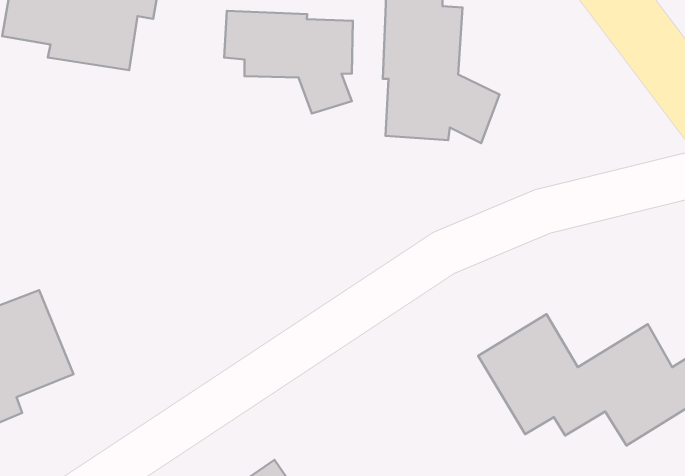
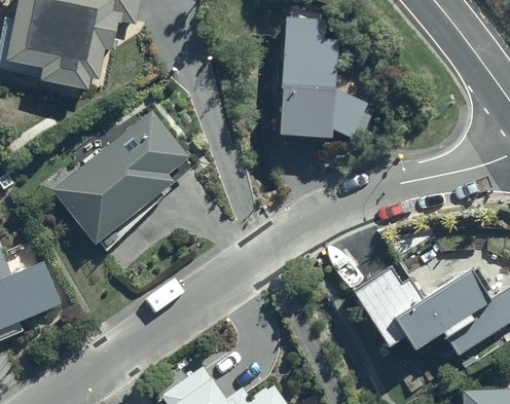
building: [224,11,353,113] -> none
building: none -> [51,110,189,245]

